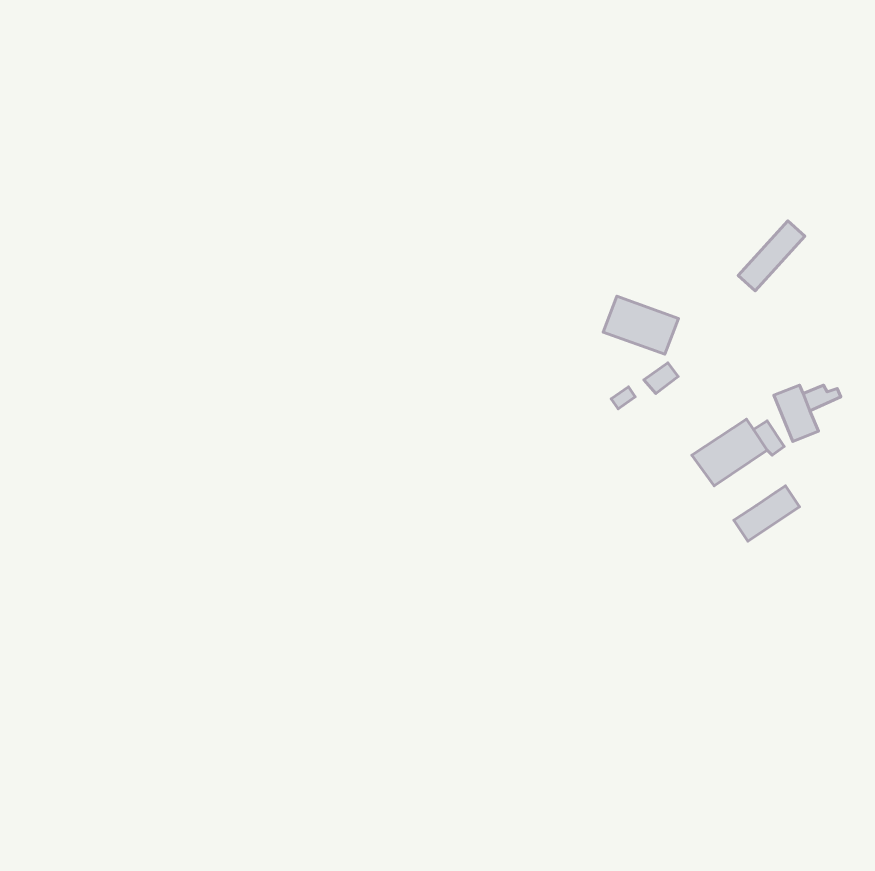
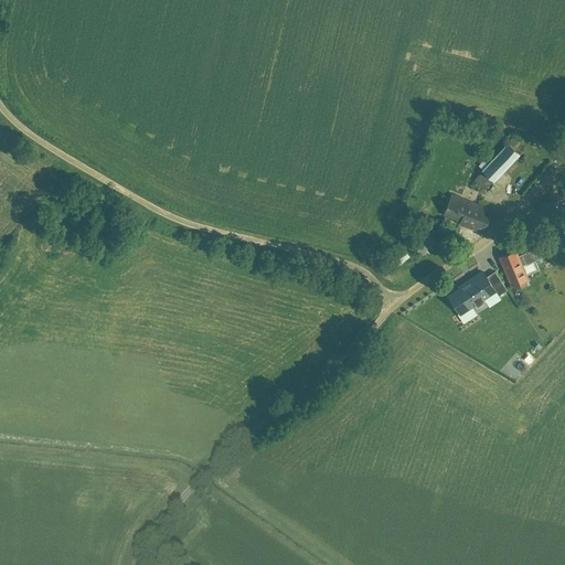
building: [603,296,679,354] -> [444,195,492,233]
building: [734,486,800,541] -> none

